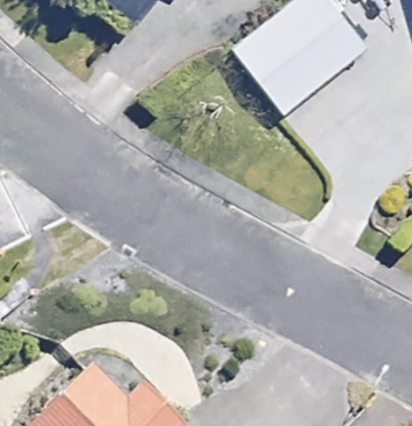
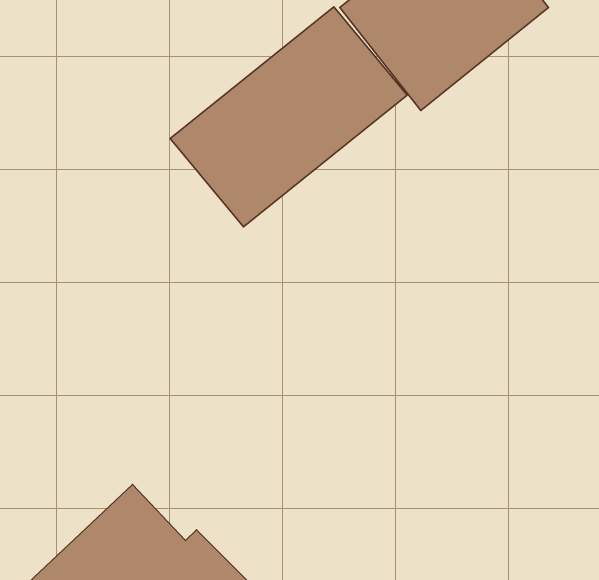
building: none -> [170,7,407,227]

